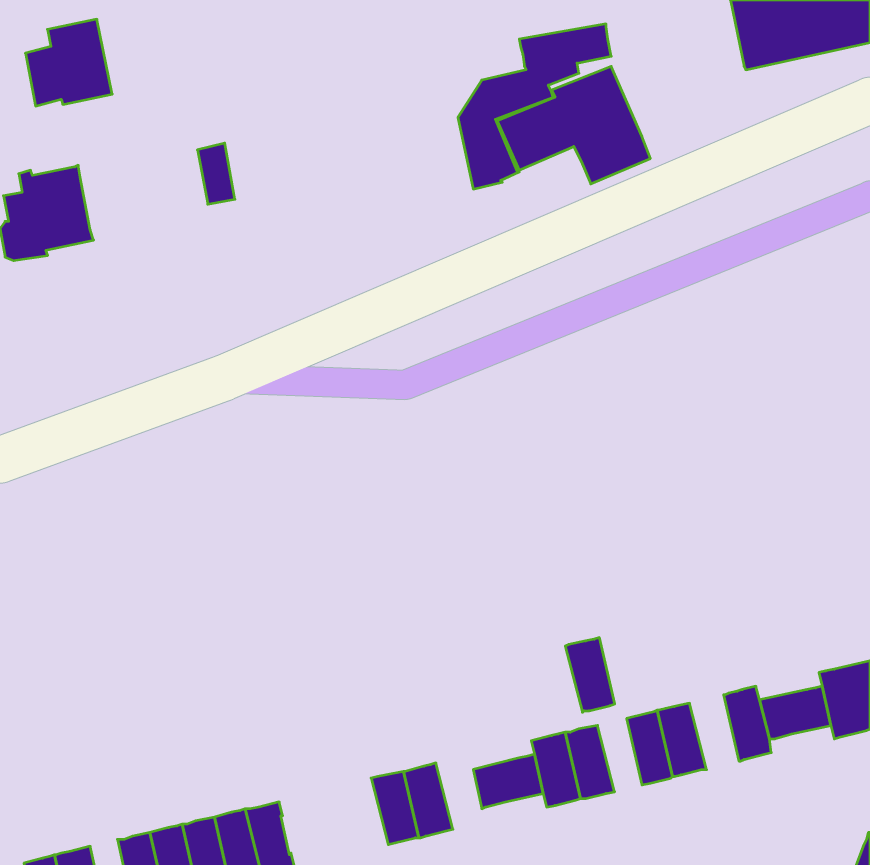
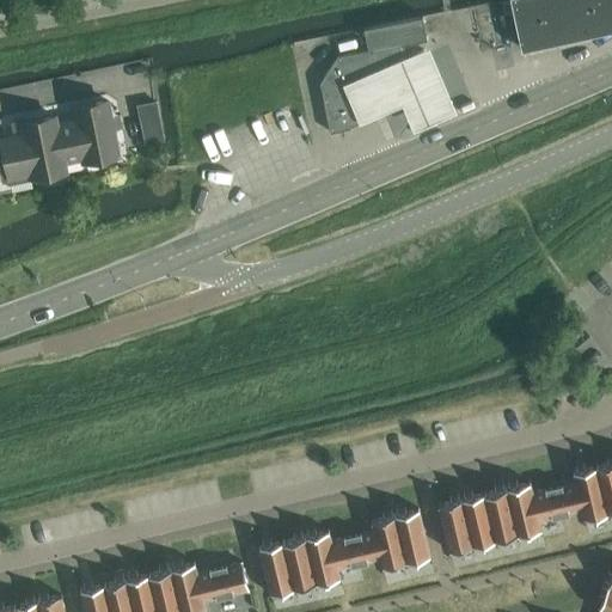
building: [25,19,112,106] -> [56,104,117,165]
building: [565,638,615,712] -> [484,491,519,544]
building: none -> [306,534,341,586]
building: none -> [197,565,250,604]

